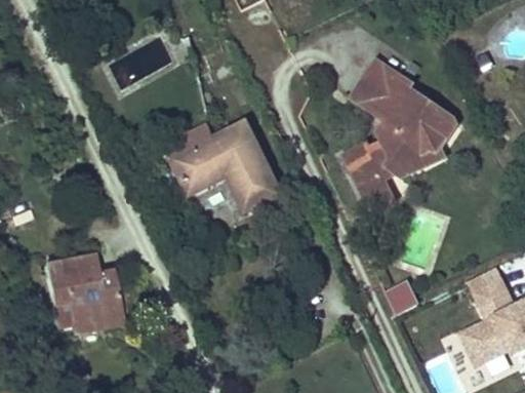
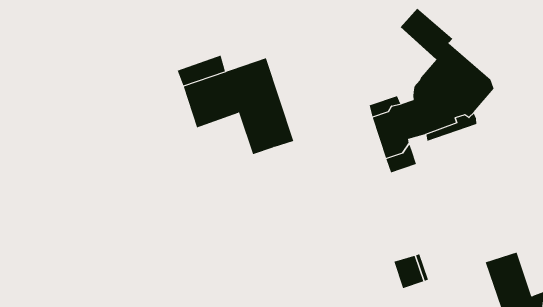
building: [351,79,398,121] -> none
building: [44,257,123,330] -> none

